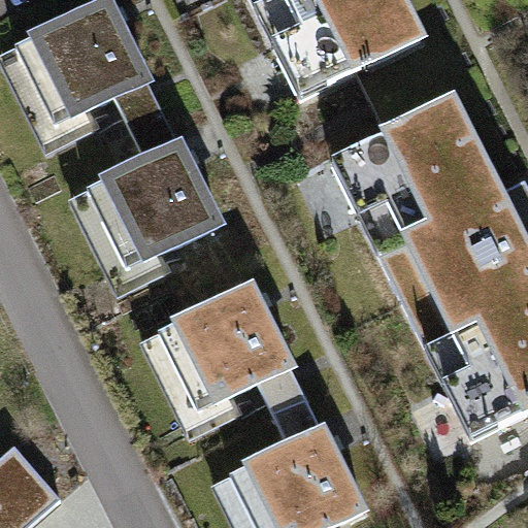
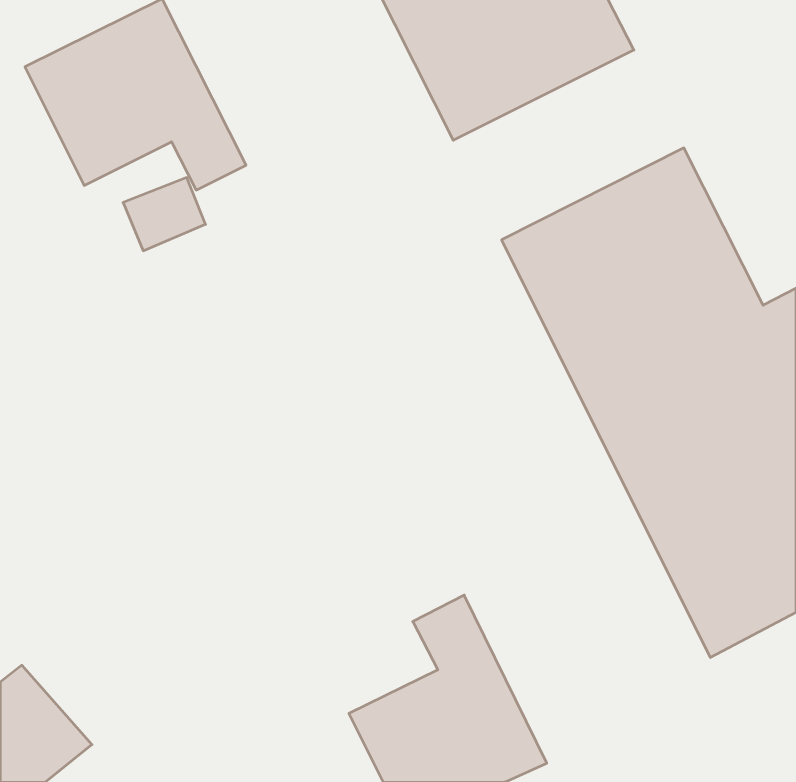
building: [88,109,219,265] -> none
building: [160,285,307,411] -> none

